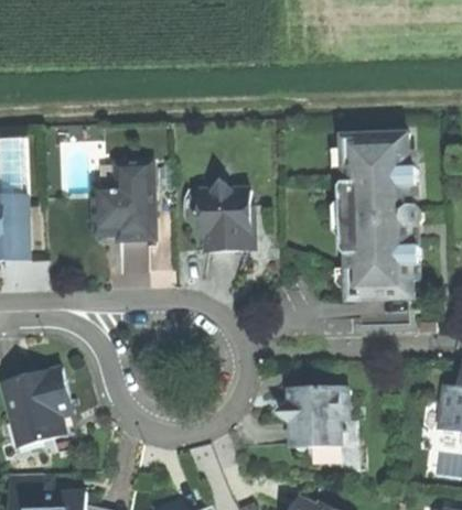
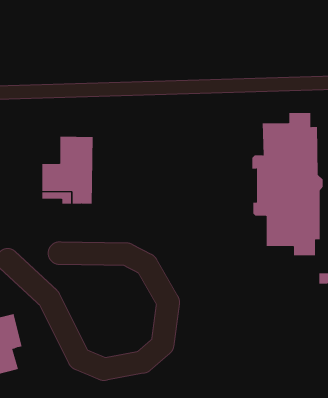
building: [190,181,254,251] -> none
building: [273,381,346,446] -> none

